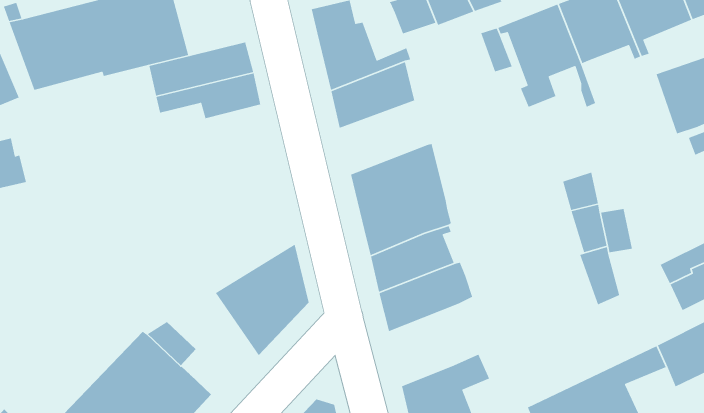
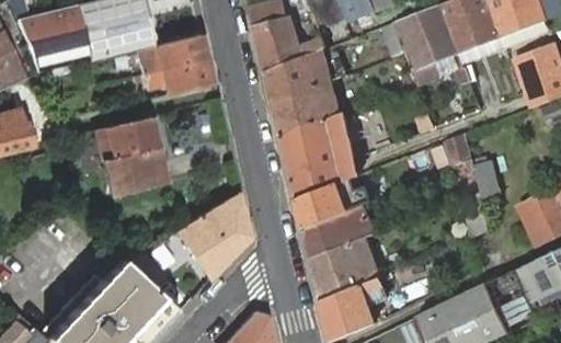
building: none -> [271,80,339,137]
building: none -> [101,115,164,195]
building: none -> [309,238,379,301]

